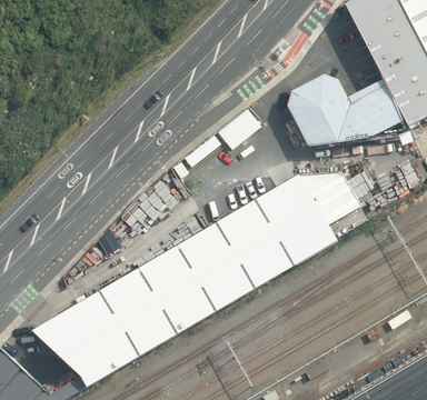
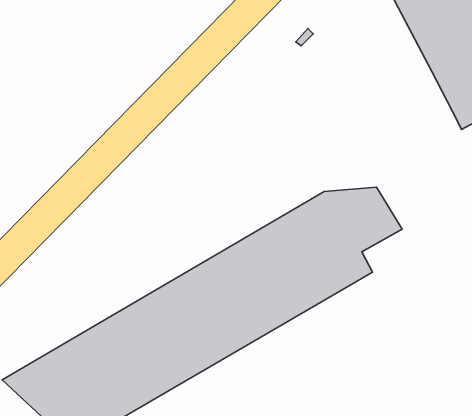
building: [287,72,407,144] -> none

